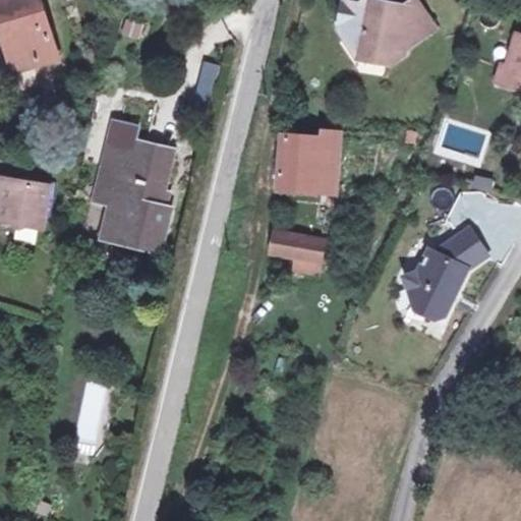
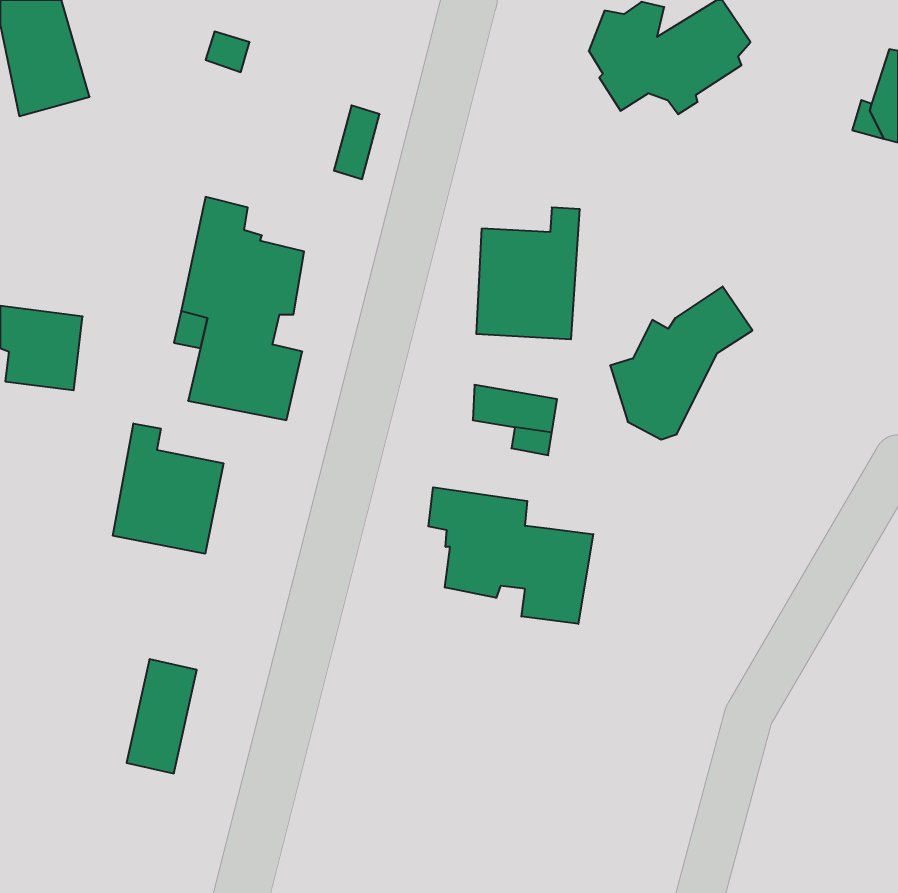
building: [401,224,483,312] -> [610,286,752,439]
building: none -> [113,423,223,554]
building: none -> [428,487,593,624]

